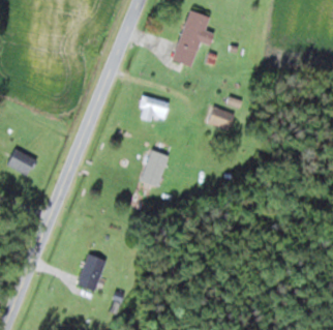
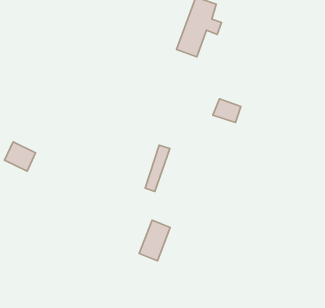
building: [138,96,168,122] -> none
building: [75,253,105,293] -> [139,220,170,261]

